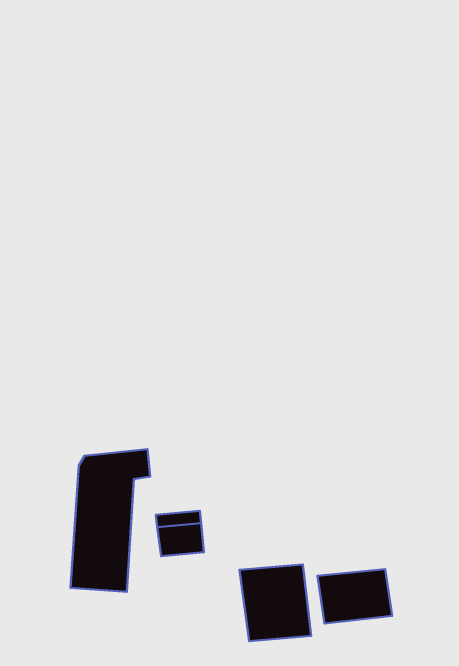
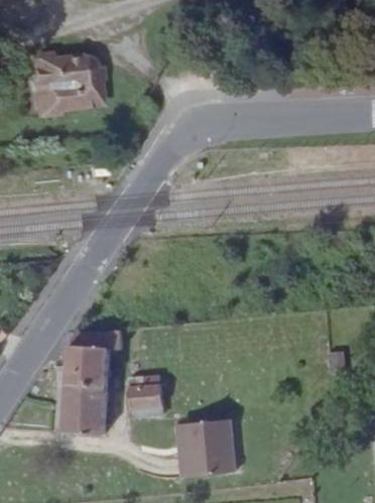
building: none -> [45,49,109,119]
building: [317,569,392,624] -> none

